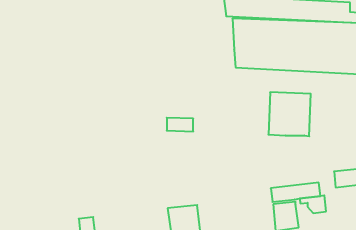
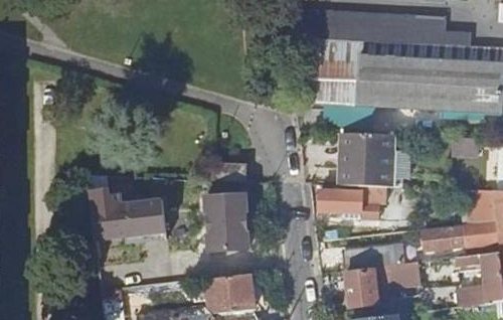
building: none -> [319,186,384,219]
building: none -> [88,189,165,242]
building: none -> [203,195,247,251]

